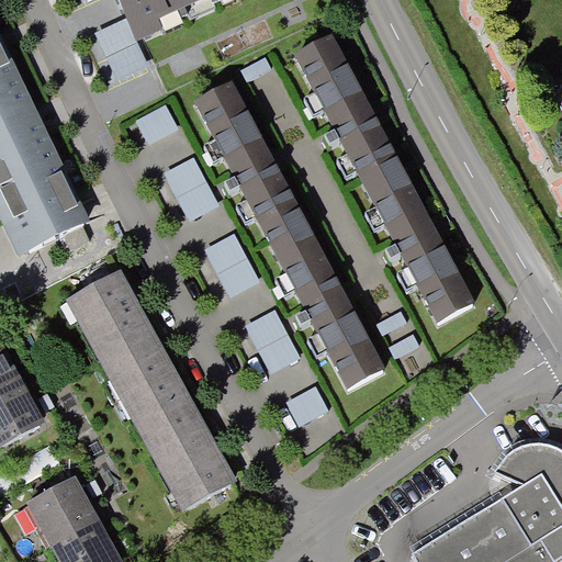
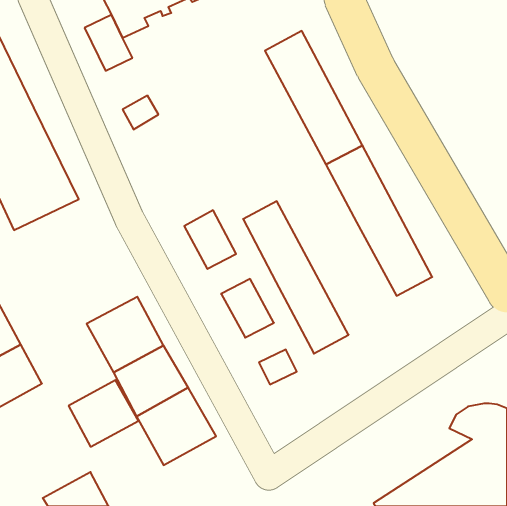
building: [195,82,305,241] -> none
building: [161,155,218,220] -> none
building: [66,271,151,357] -> none
building: [23,475,100,549] -> [69,380,138,447]

